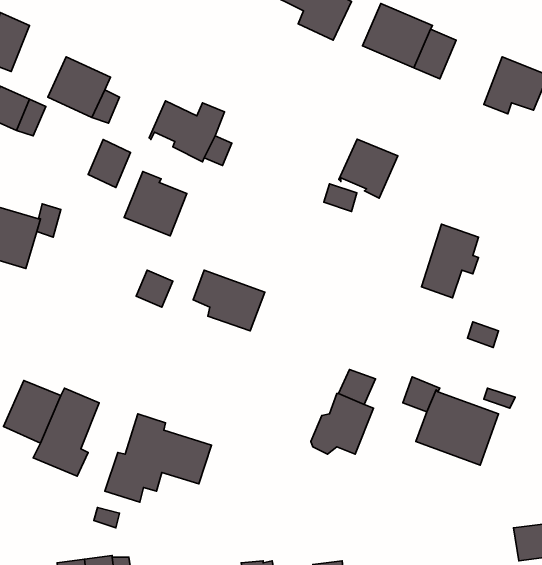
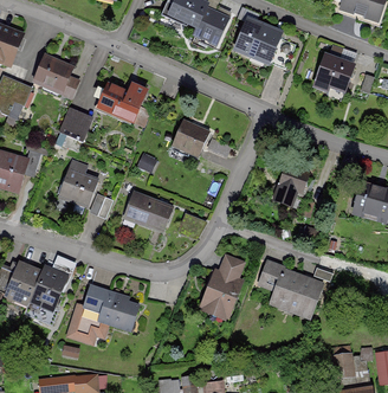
building: [339,139,398,198] -> [172,120,209,157]
building: [124,171,187,236] -> [57,167,97,208]

